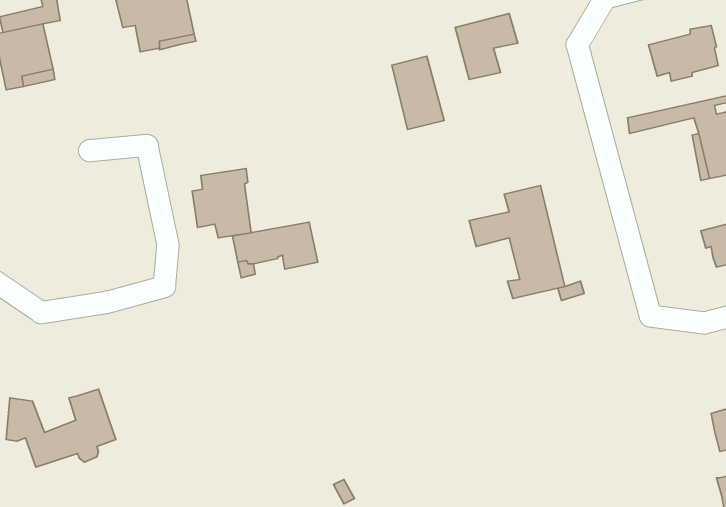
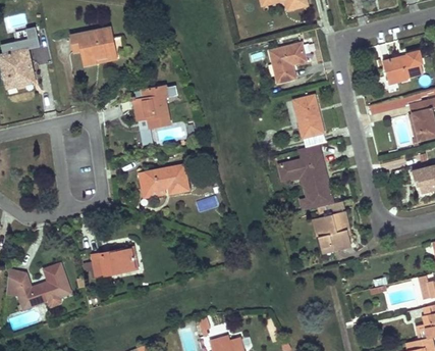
building: [392,56,444,129] -> [293,95,324,138]
building: [192,168,251,238] -> [134,86,169,127]
building: none -> [314,210,351,252]
building: none -> [92,247,138,277]

